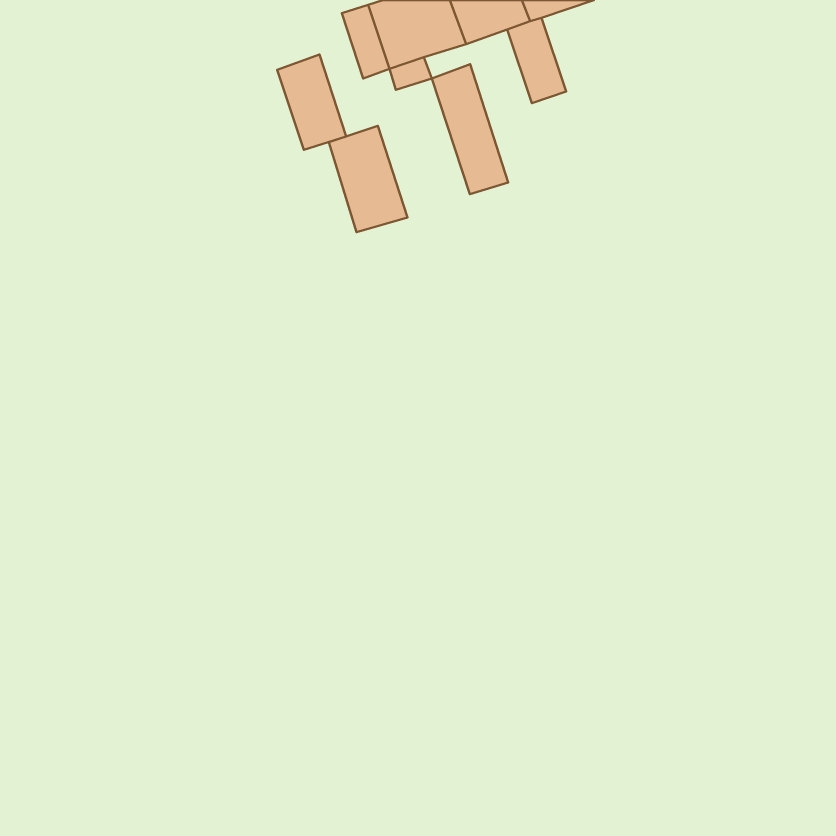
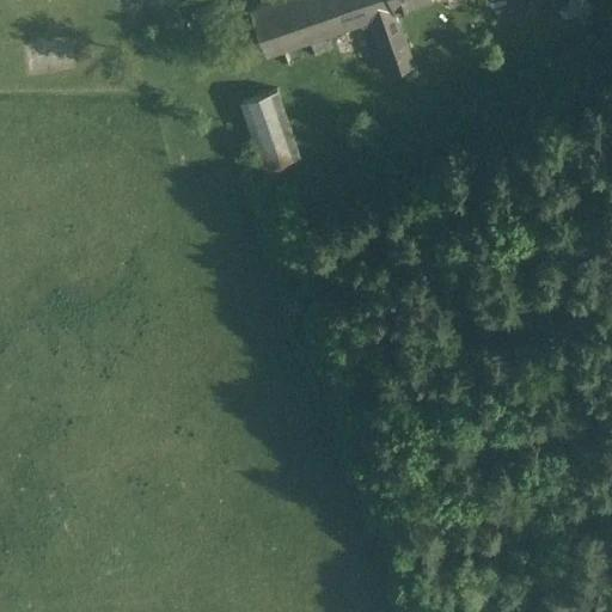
building: [277,55,346,150] -> none
building: [432,64,508,194] -> none

